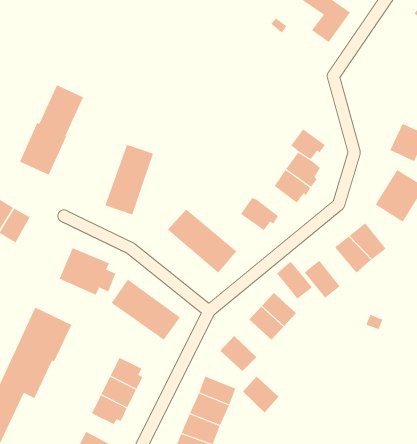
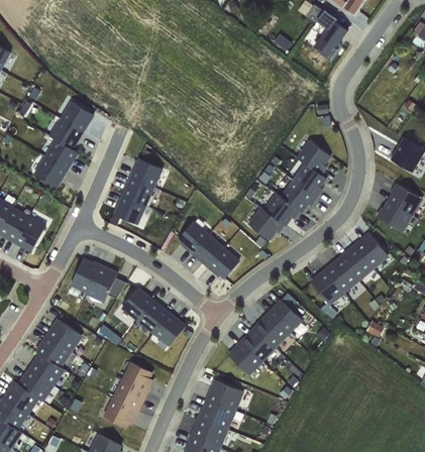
building: none -> [262,194,299,226]
building: [276,261,313,300] -> [323,256,358,294]
building: [242,376,280,414] -> [240,326,277,362]

